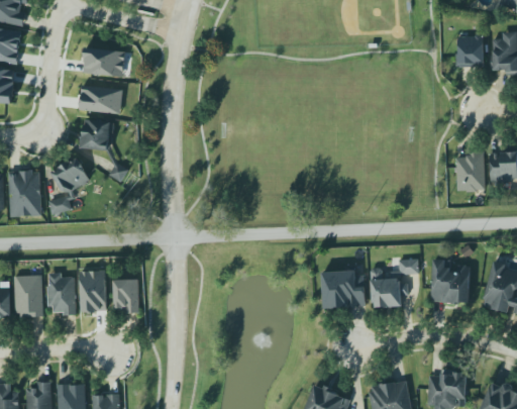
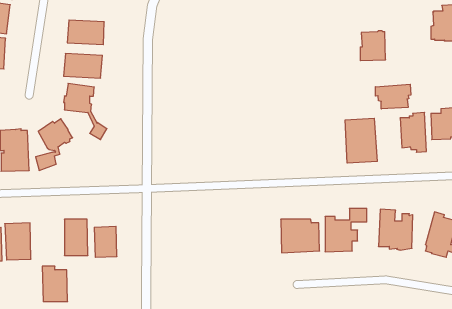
building: [455,34,484,68] -> [360,31,386,61]
building: none -> [375,84,411,109]
building: none -> [345,118,377,163]
building: [47,273,76,312] -> [42,266,68,302]

